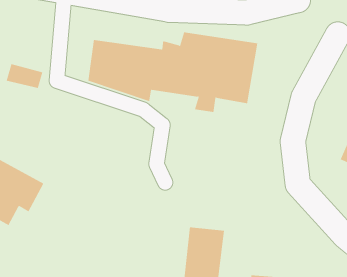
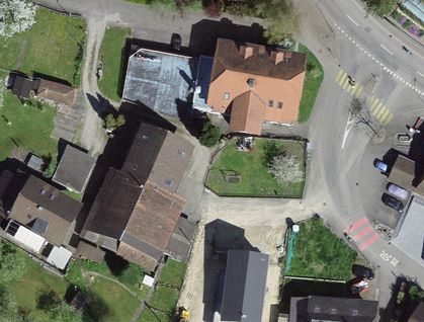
building: none -> [89,129,196,265]
building: none -> [52,147,93,189]

